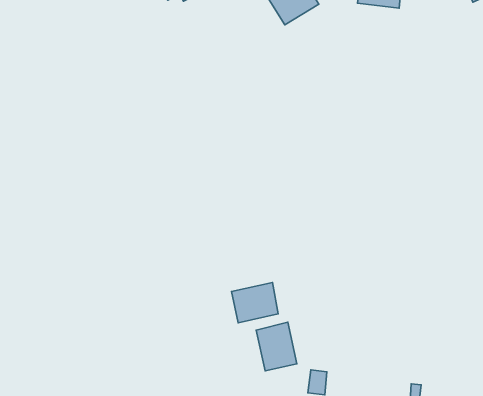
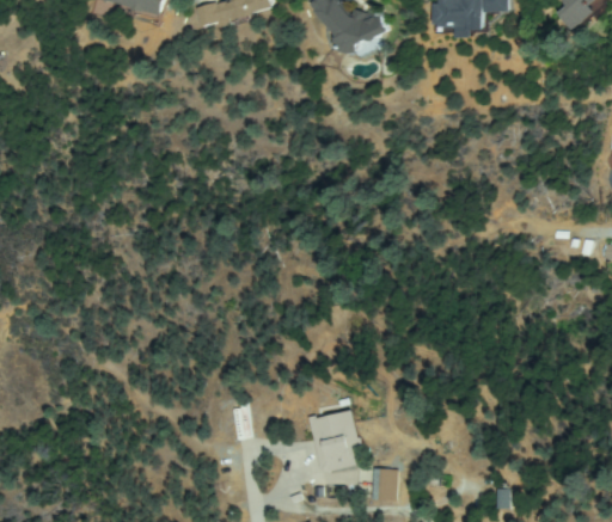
building: [231,283,278,323] -> none

